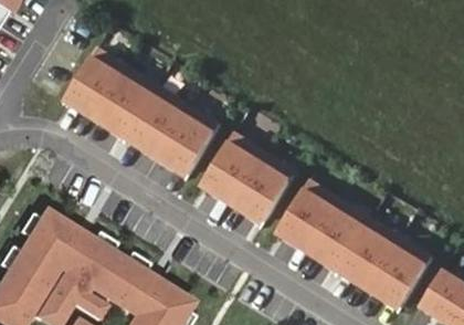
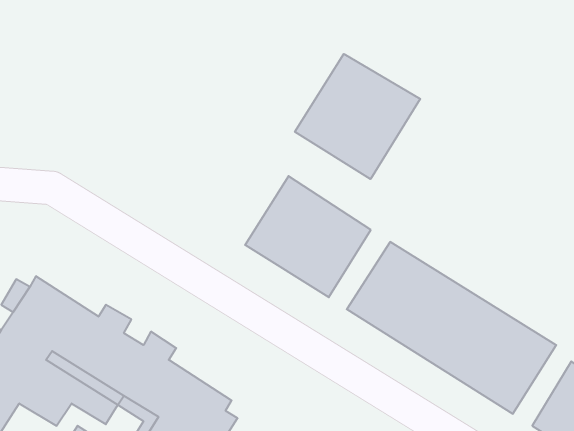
building: none -> [295,54,420,179]
building: [64,48,219,176] -> none

